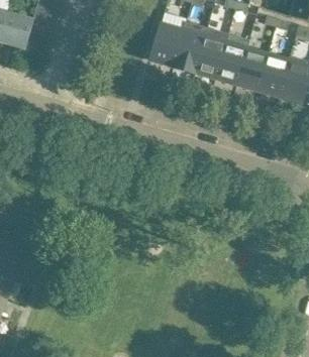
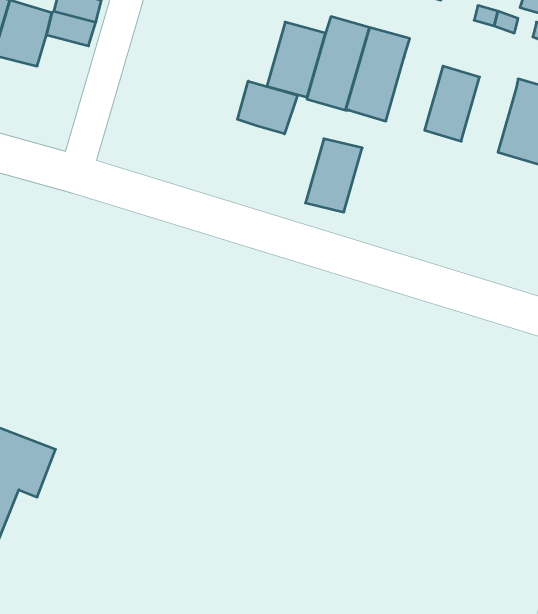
building: [215,42,246,83] -> [305,139,362,212]
building: [256,53,287,95] -> none
building: none -> [237,81,297,134]

